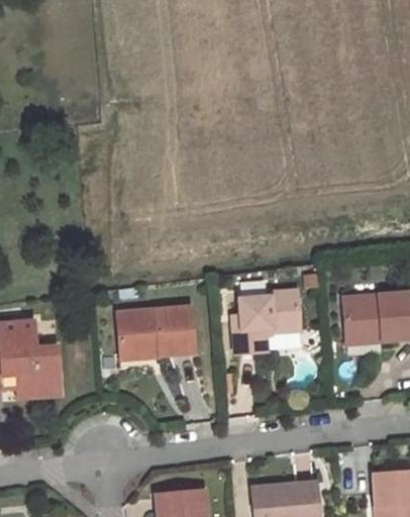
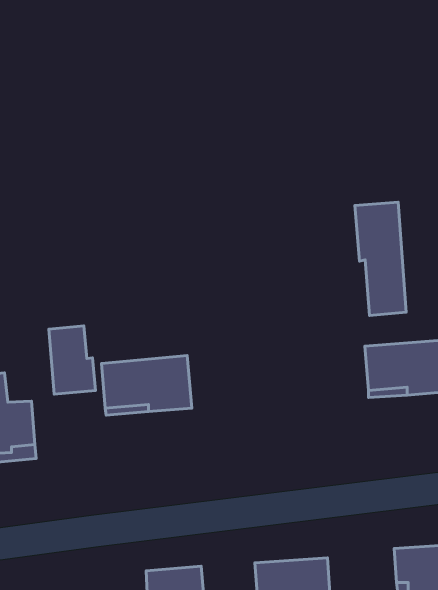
building: none -> [355,202,406,316]
building: none -> [49,326,96,394]
building: [233,292,299,353] -> none

